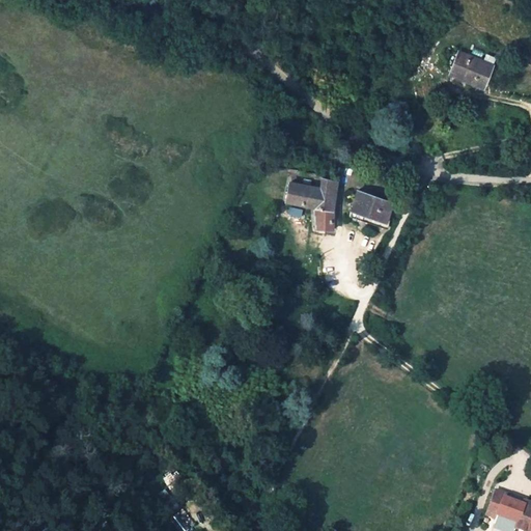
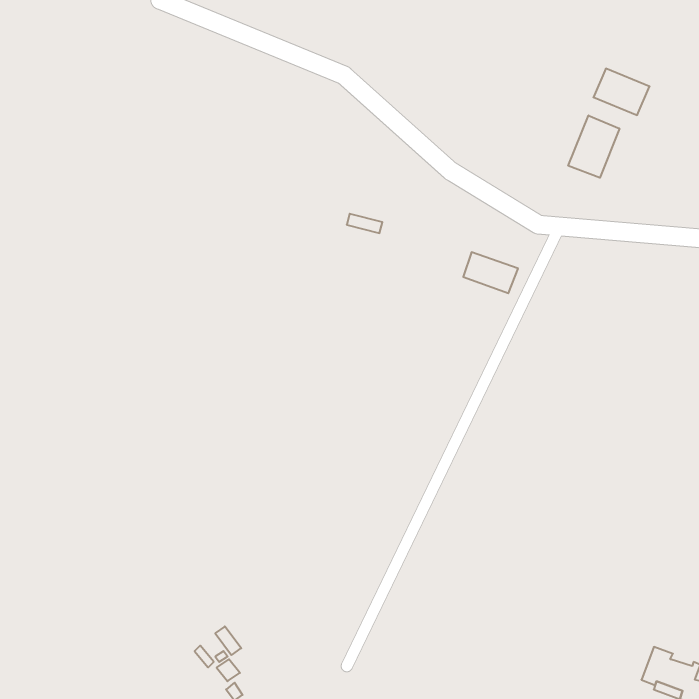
building: none -> [568,115,619,178]
building: [286,178,337,231] -> none

